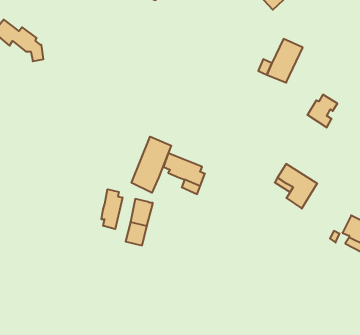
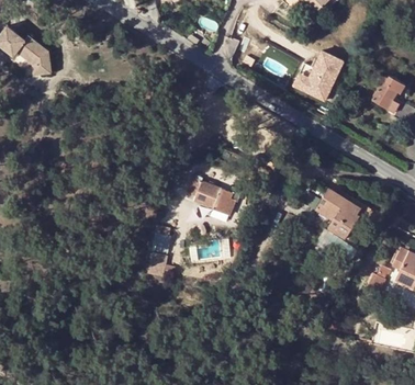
building: [307,95,337,128] -> [370,76,404,113]
building: [132,137,171,193] -> none
building: [101,189,122,229] -> none

